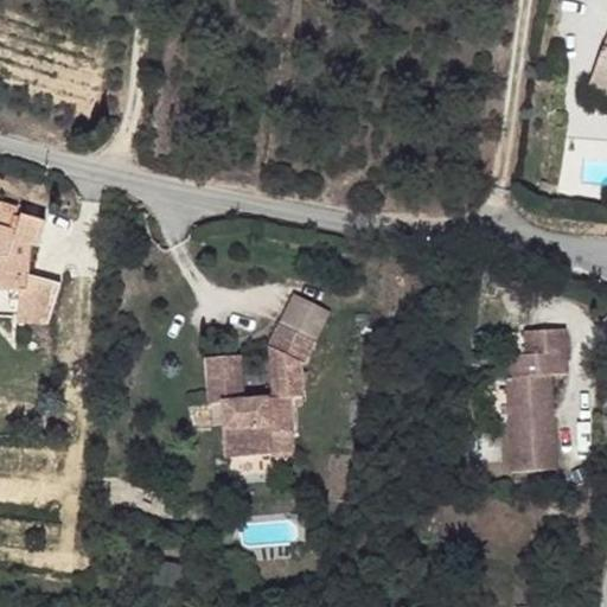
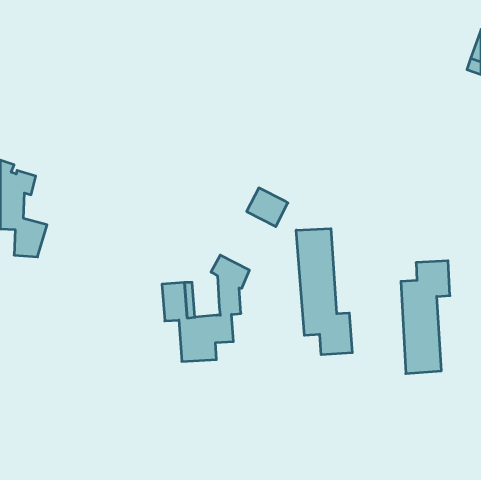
building: none -> [296,229,352,355]
building: [277,292,330,340] -> [247,188,288,227]

